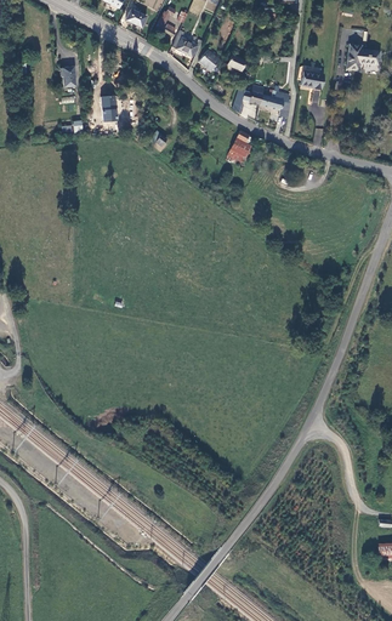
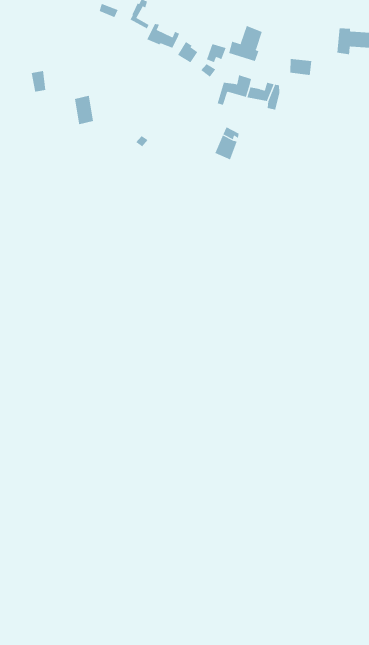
building: none -> [228,25,263,62]

